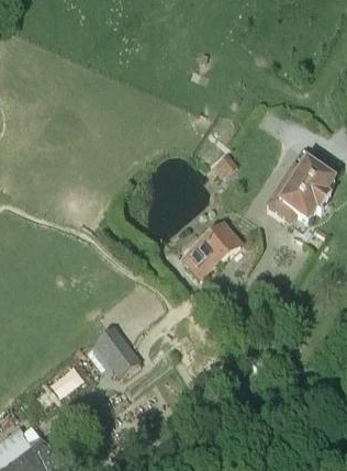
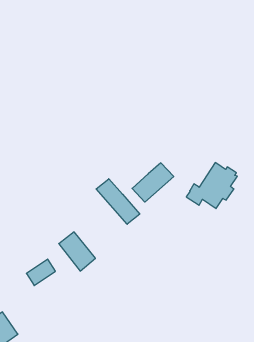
building: [266,166,332,225] -> [186,163,237,209]
building: none -> [96,179,140,224]

